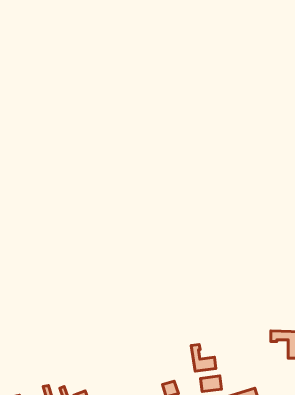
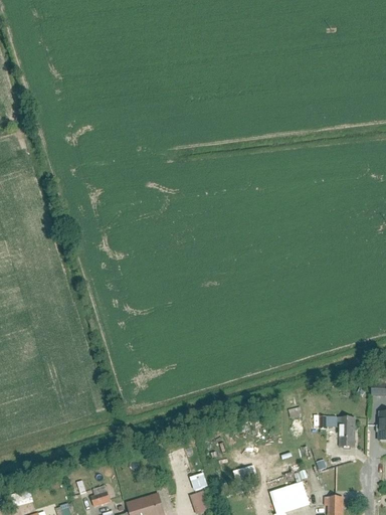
building: [191,344,216,371] -> none

